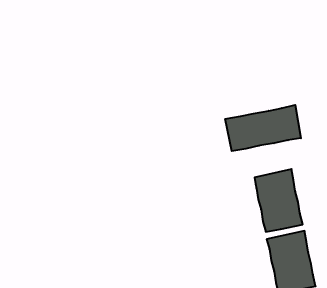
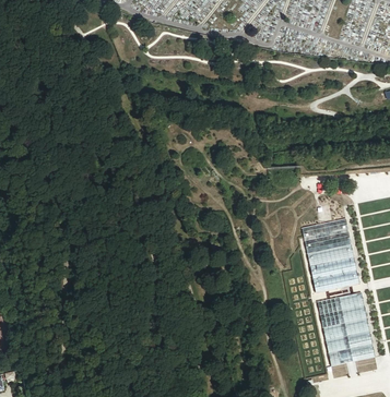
building: [225,105,301,151] -> none

